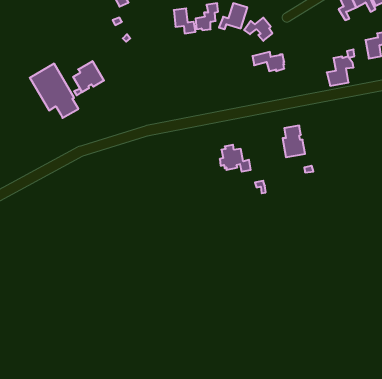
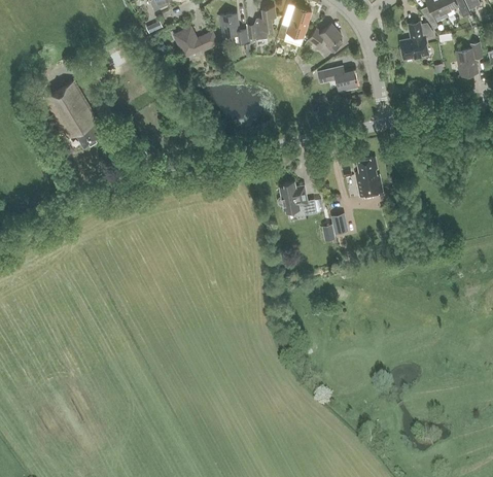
building: none -> [174,26,218,57]
building: [327,56,354,86] -> [400,22,433,58]
building: [73,61,104,92] -> none

